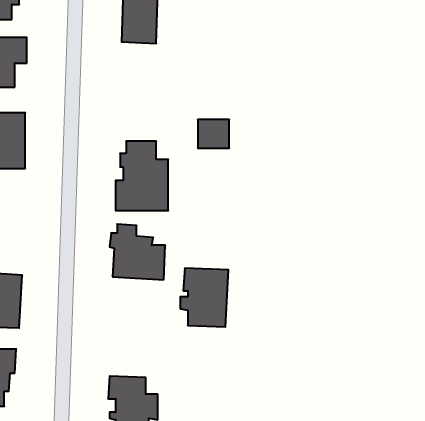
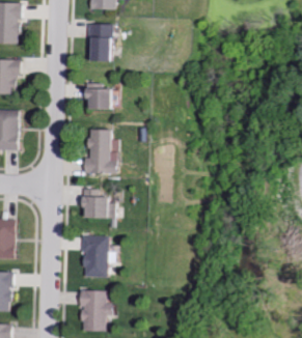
building: [198,120,229,148] -> [85,88,107,108]
building: [180,268,228,327] -> [76,236,109,277]

